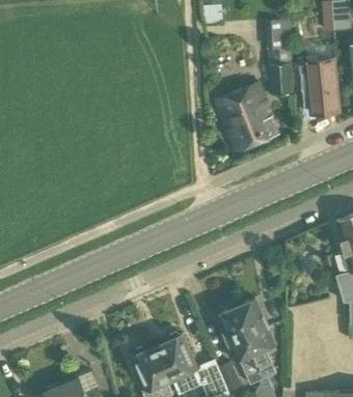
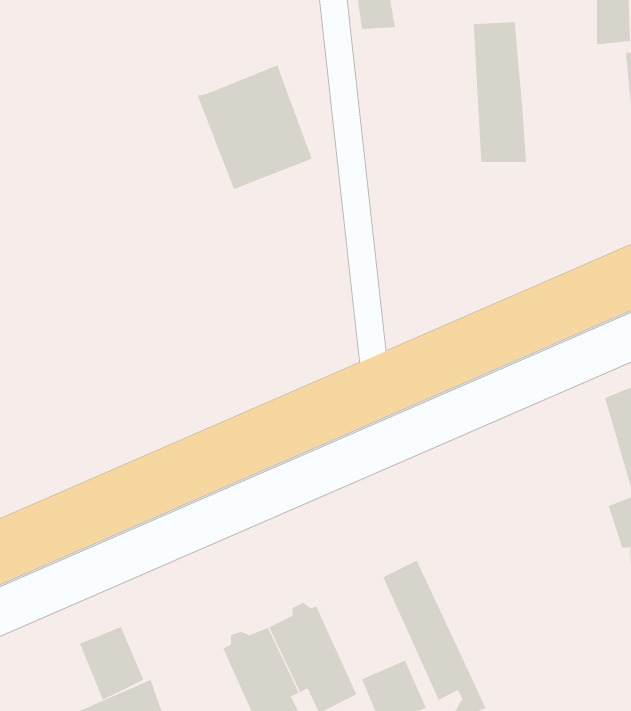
building: [304,59,340,115] -> none
building: [214,83,276,150] -> [197,64,312,190]
building: [235,301,274,375] -> none
building: none -> [79,626,144,700]

